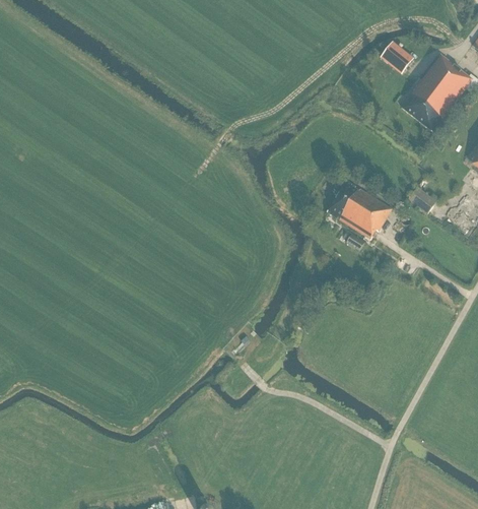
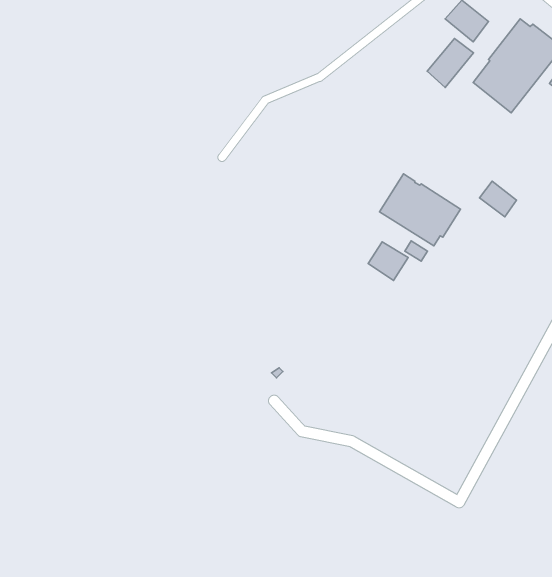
building: none -> [427,38,474,88]
building: none -> [368,242,408,281]

